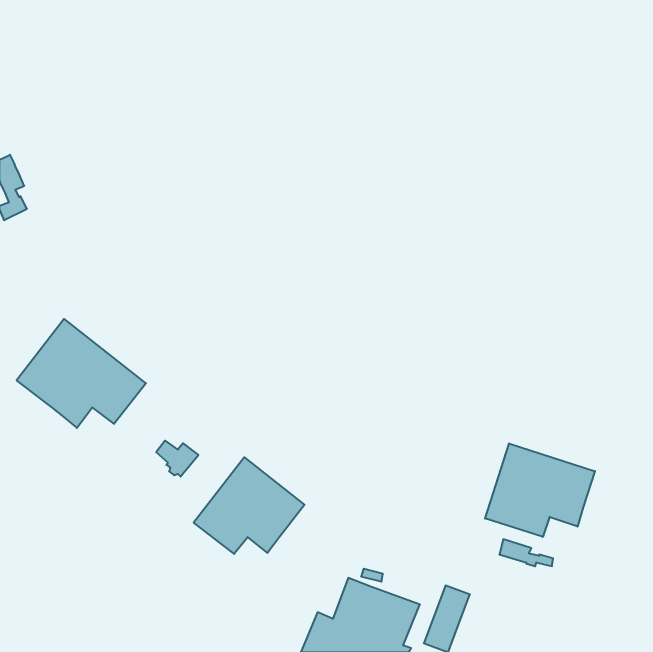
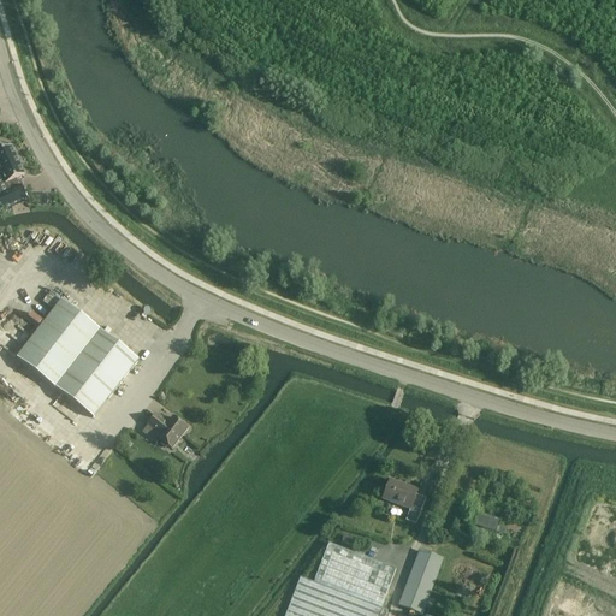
building: [485,443,595,537] -> none
building: [194,457,305,554] -> none
building: none -> [381,479,425,523]

